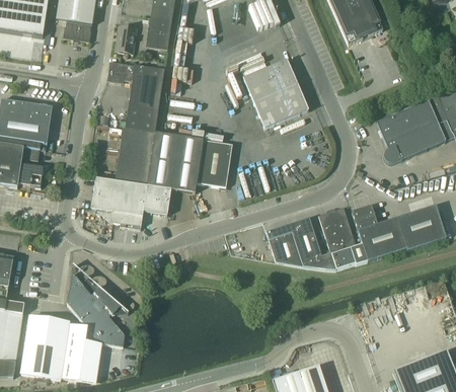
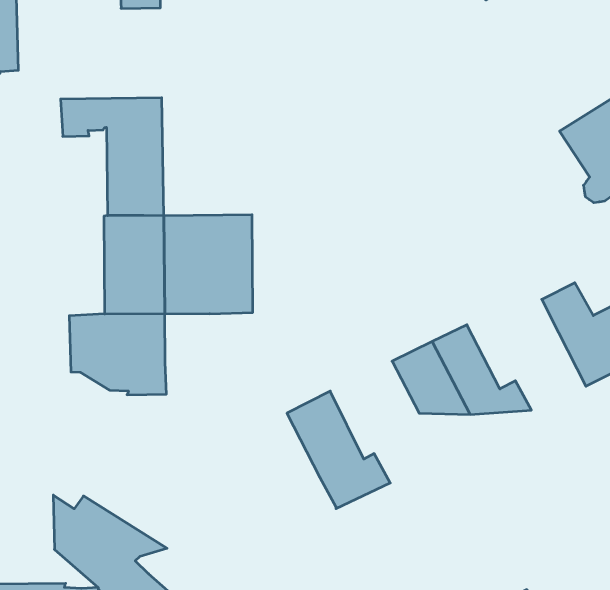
building: [145,16,171,50] -> none
building: [115,23,137,52] -> none
building: [243,59,308,128] -> none
building: [197,140,232,186] -> none
building: [143,184,171,214] -> none
building: [318,206,368,269] -> [287,391,390,509]

